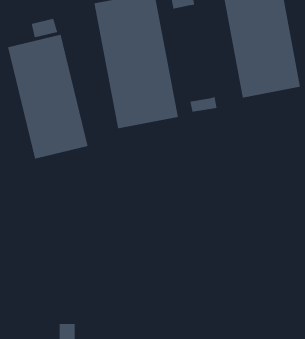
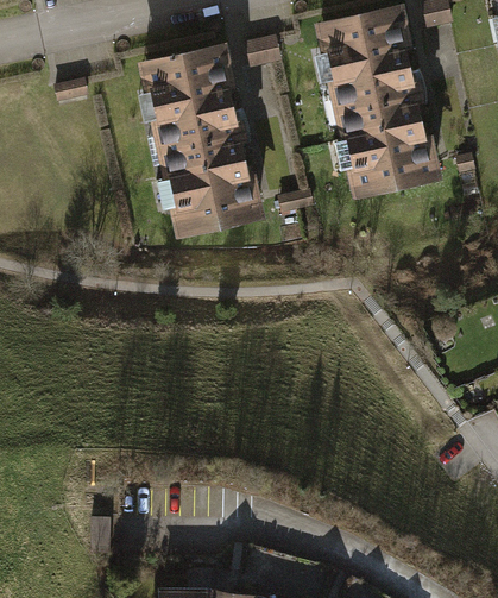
building: [7,34,88,160] -> none

